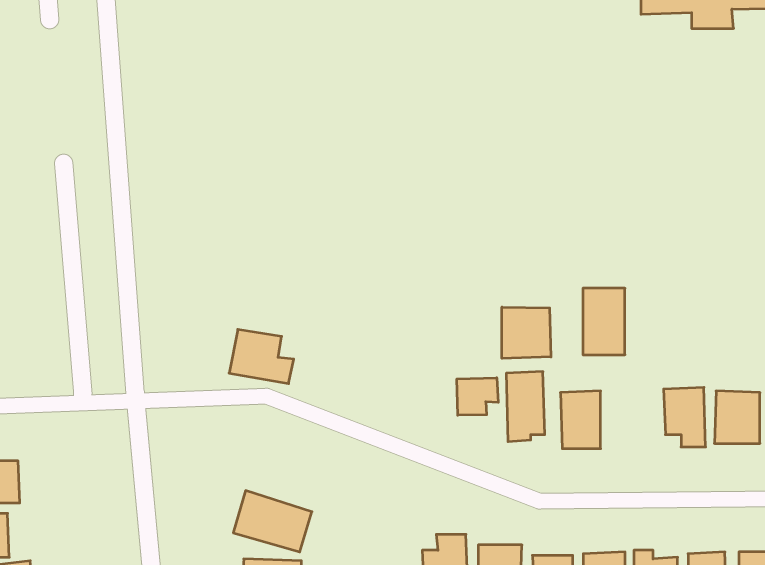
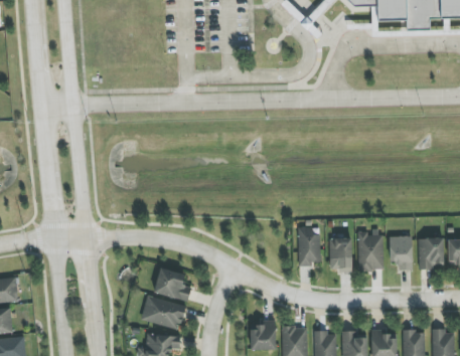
building: [583,288,625,355] -> [358,231,382,270]
building: [502,307,551,358] -> none
building: [229,329,294,384] -> [154,269,191,300]
building: [457,378,498,415] -> none

